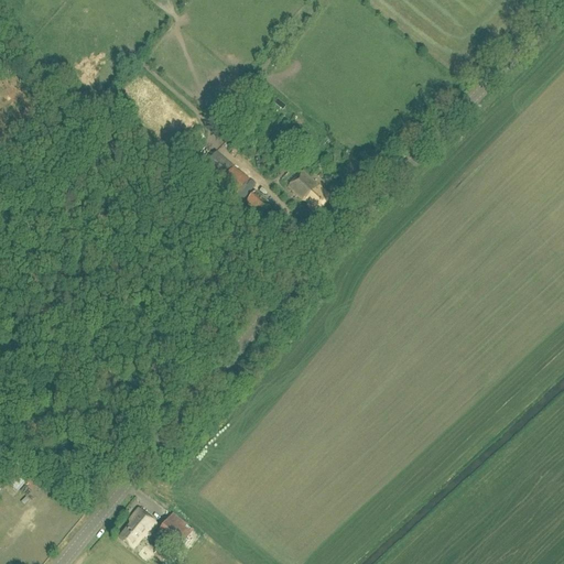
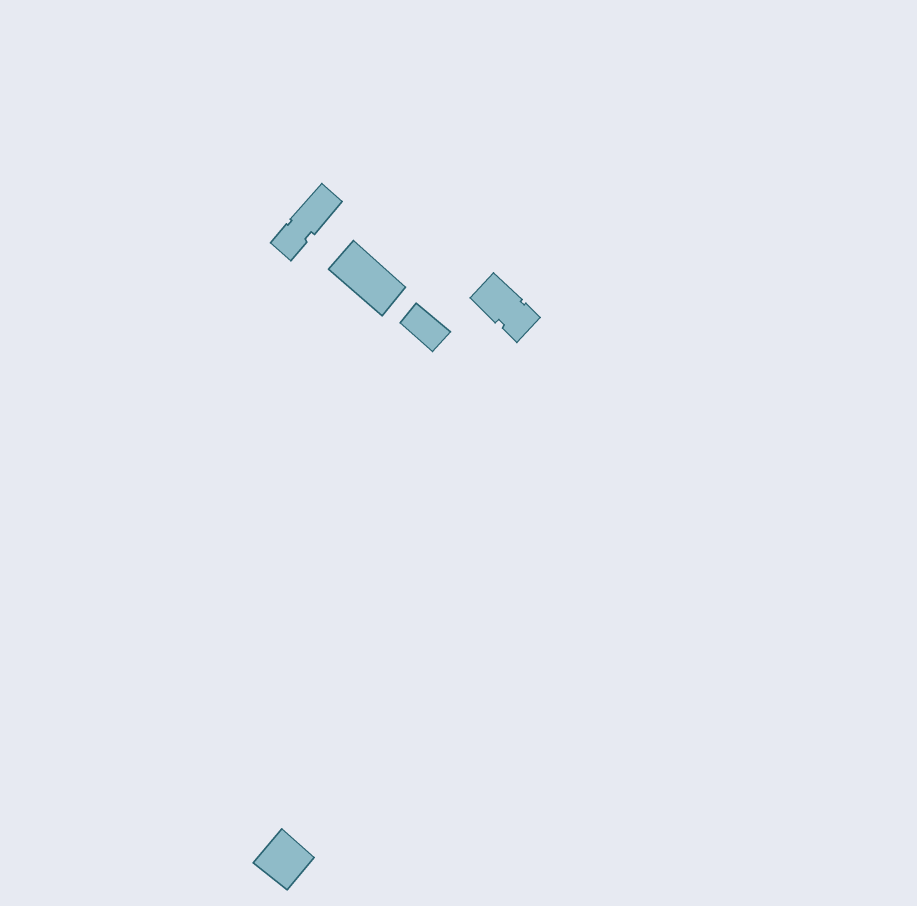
building: none -> [271,183,342,261]
building: [119,507,155,547] -> none

